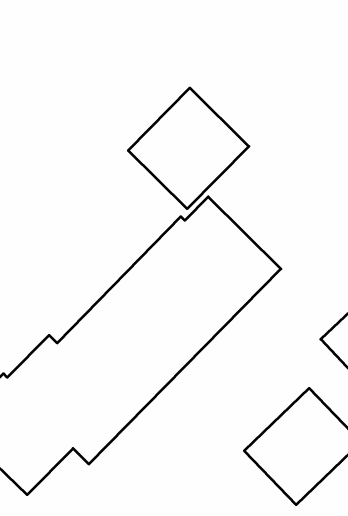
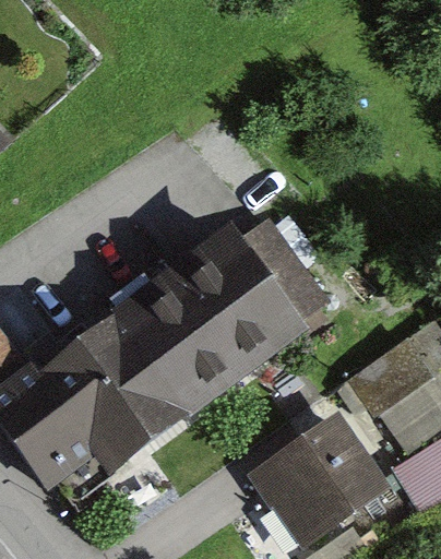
building: [128,88,249,209] -> none

